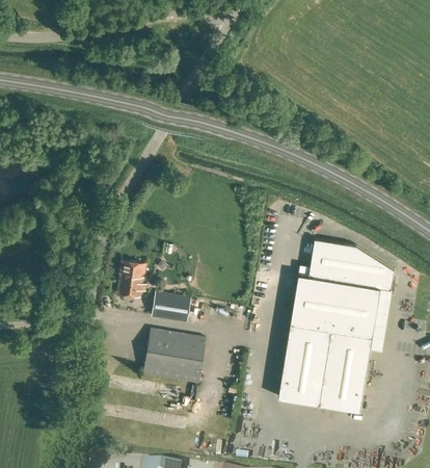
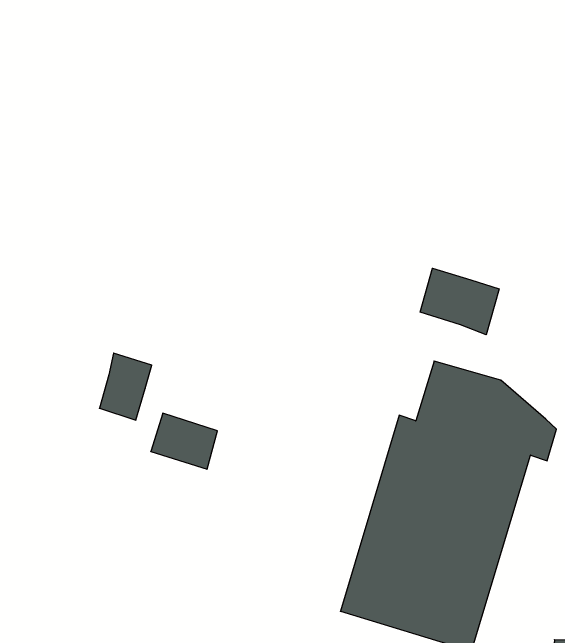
building: none -> [420,268,499,335]
building: [143,330,206,382] -> none

